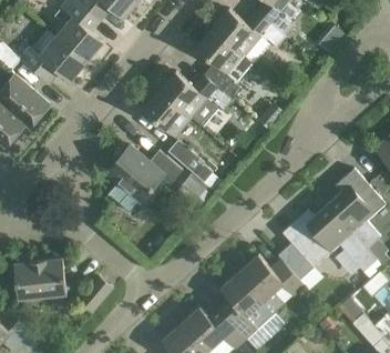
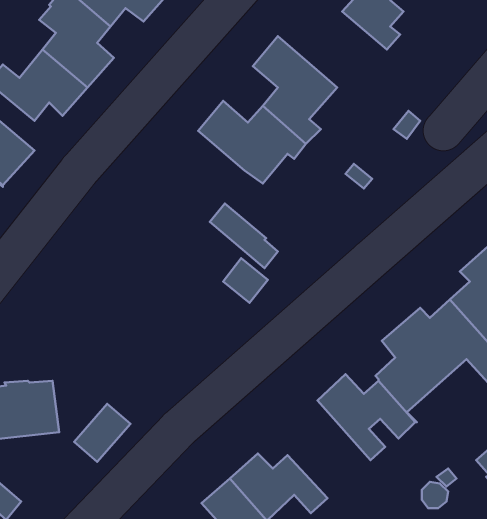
building: [213,9,286,54] -> none
building: [143,91,191,137] -> none
building: [106,145,182,212] -> none
building: [219,272,275,337] -> none

